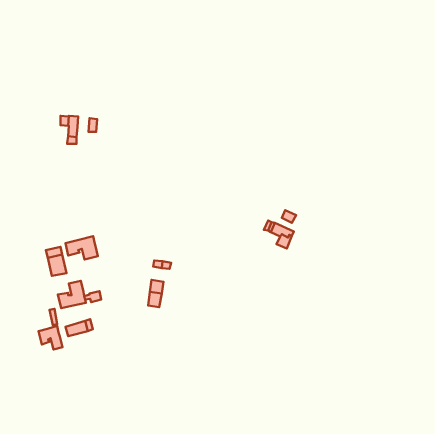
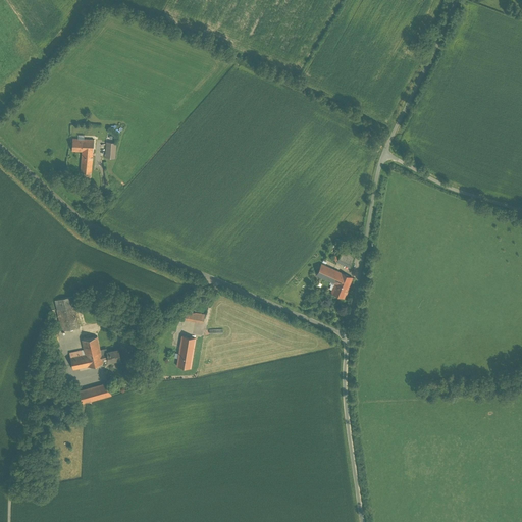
building: [66,236,98,259] -> none
building: [39,326,63,350] -> none

